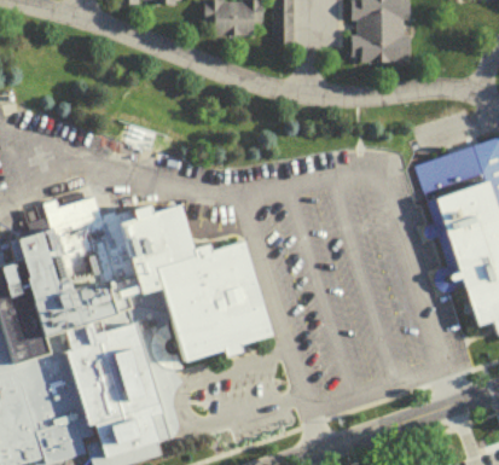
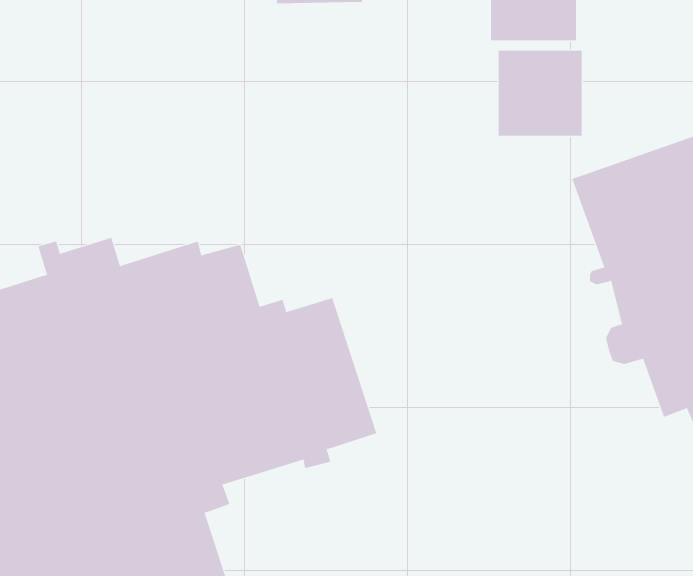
building: none -> [498,50,582,137]

